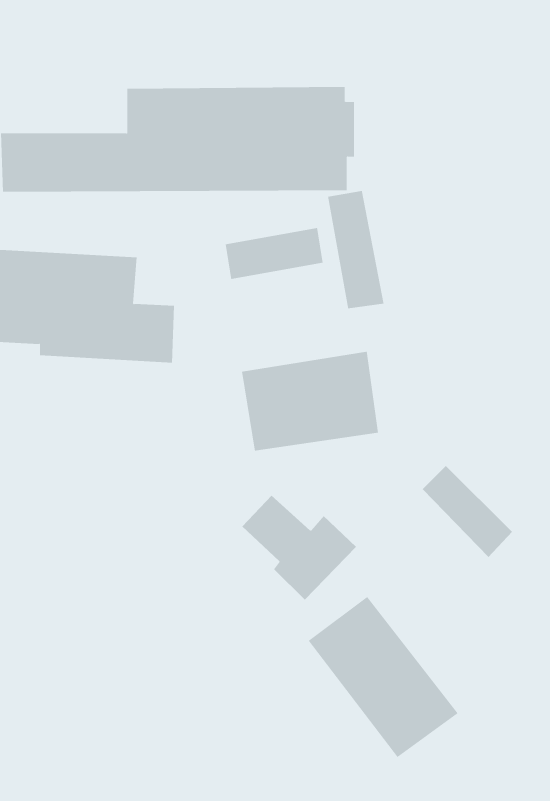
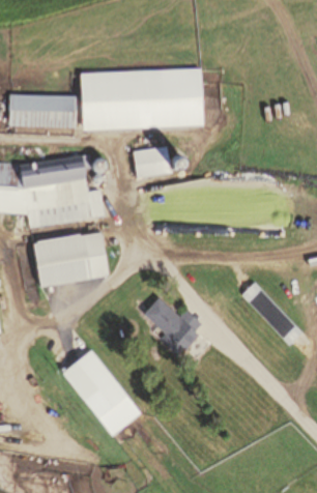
building: [327,190,384,309] -> none
building: [241,351,379,451] -> [29,231,106,287]
building: [308,596,458,758] -> [59,347,143,437]

